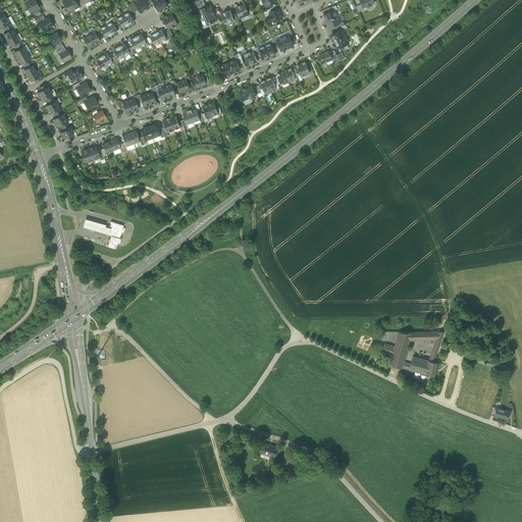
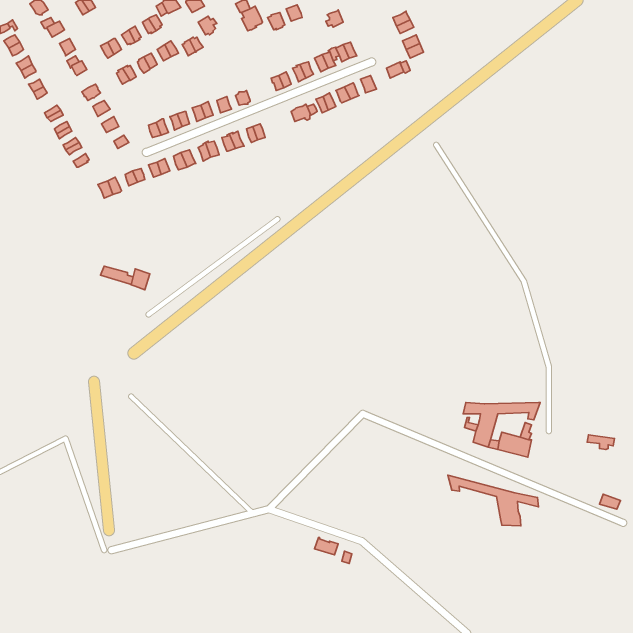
building: none -> [448,475,538,526]

